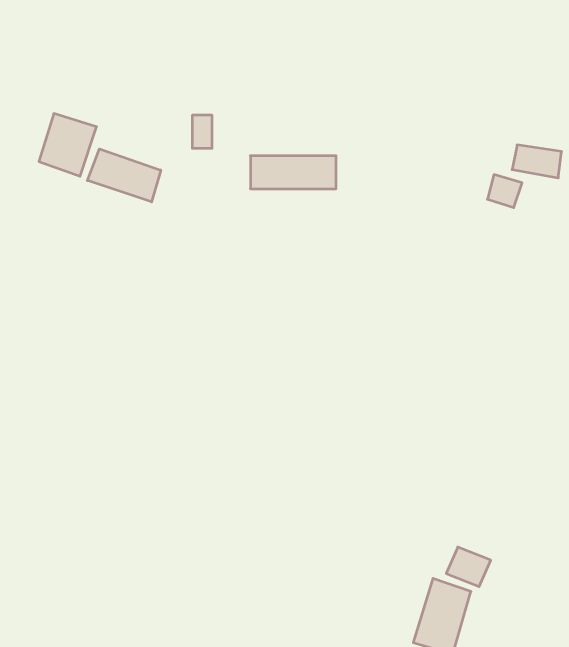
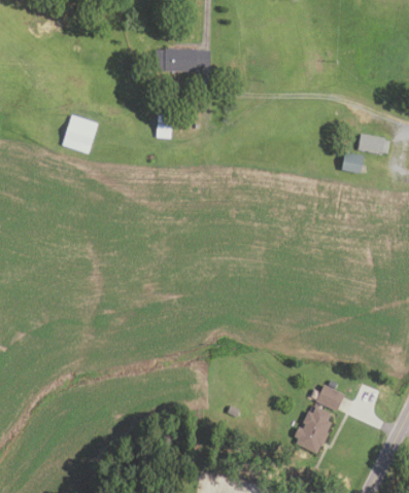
building: [87,149,161,202] -> none
building: [250,156,336,189] -> [156,49,209,70]

